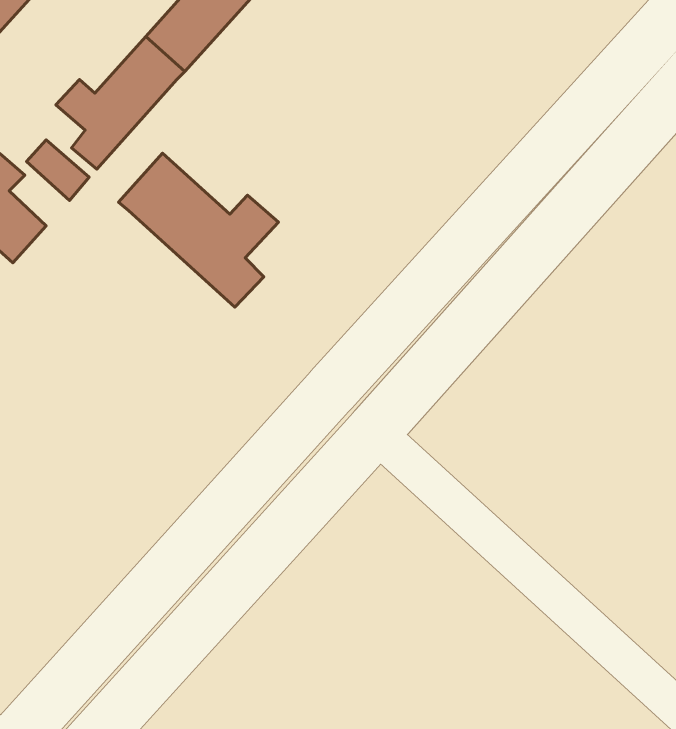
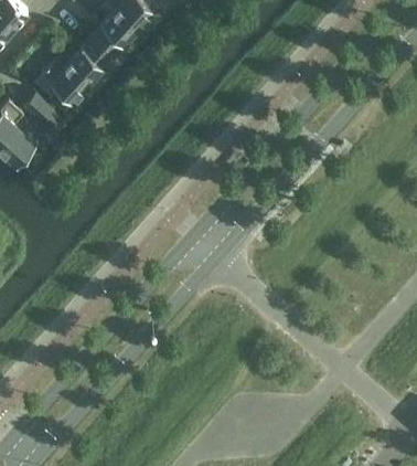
building: [118,153,278,307] -> none

